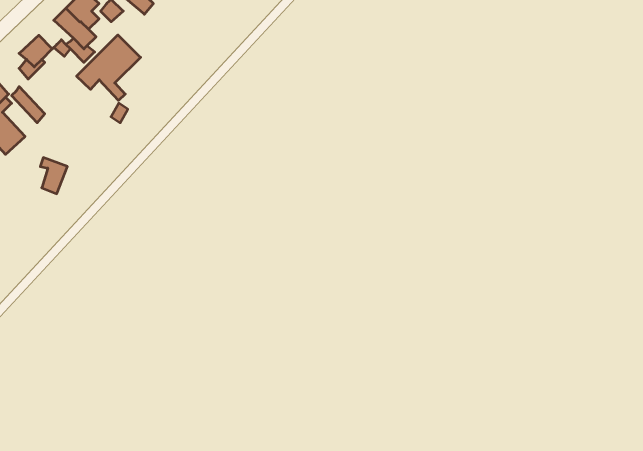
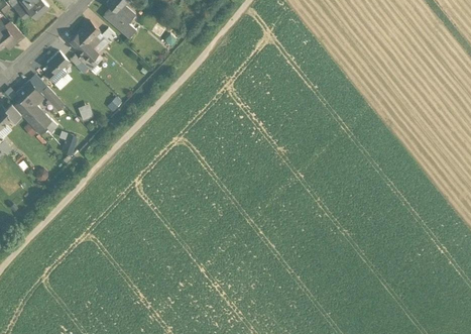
building: [77,35,141,100] -> none

